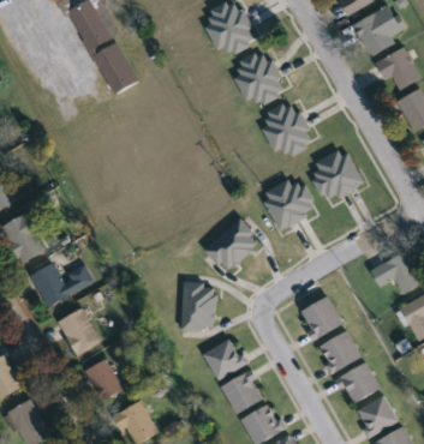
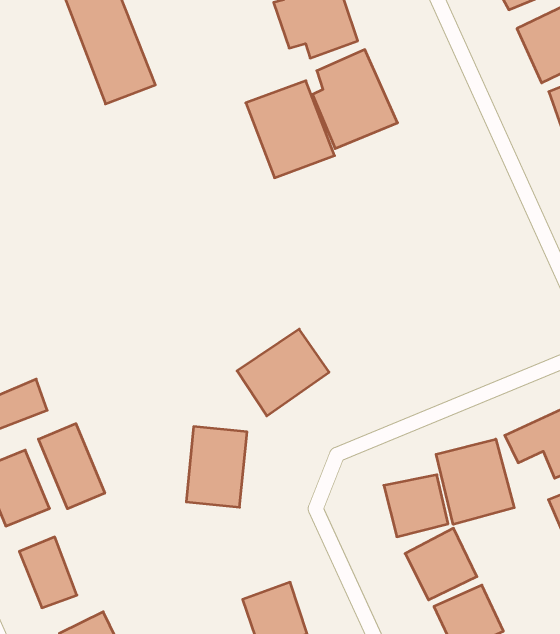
building: [258,98,315,158] -> [246,81,335,178]
building: [311,146,364,203] -> none
building: [261,178,318,229] -> none
building: none -> [436,439,514,524]
building: none -> [38,424,105,509]
building: [203,337,247,379] -> none

